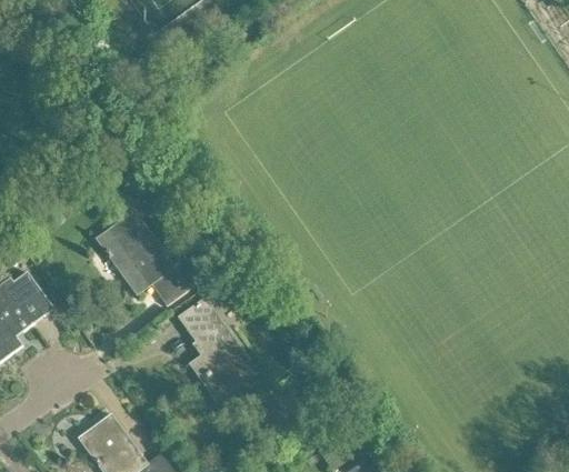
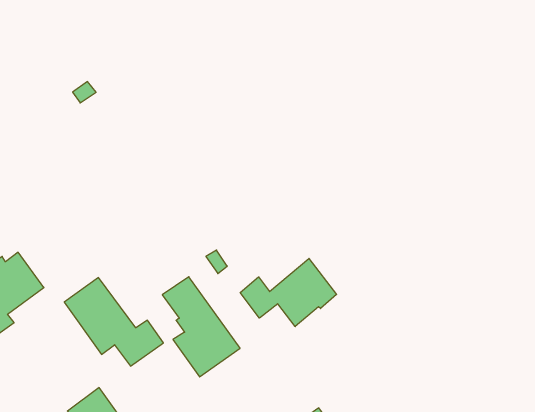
building: [98,213,201,305] -> [64,278,163,366]
building: none -> [240,258,337,327]

